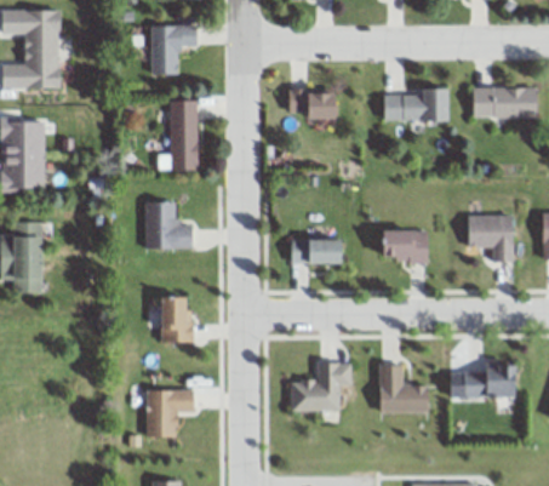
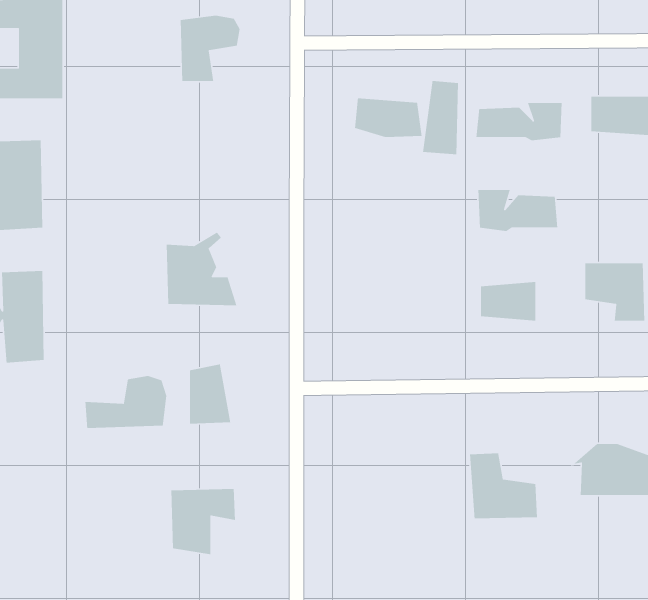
building: none -> [422,80,459,155]
building: [170,101,198,170] -> none
building: none -> [478,189,558,232]
building: [290,239,344,265] -> none
building: none -> [84,375,167,429]
building: [293,364,350,412] -> none

